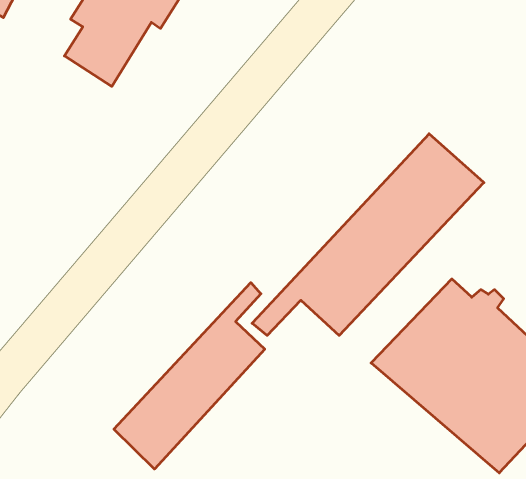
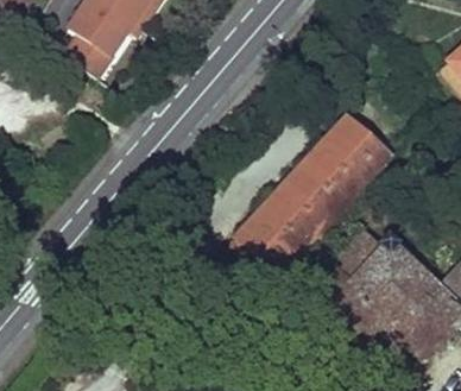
building: [114,283,265,469] -> none

